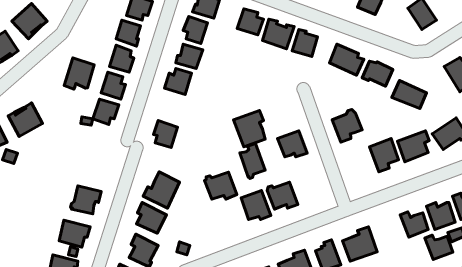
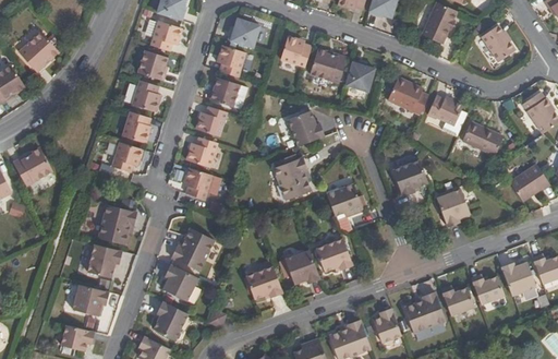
building: [64,58,94,89] -> none
building: none -> [284,111,324,146]
building: none -> [185,137,217,168]
building: [398,131,429,162] -> none
building: [240,143,265,178] -> none
building: none -> [94,204,132,243]
building: [204,172,237,199] -> [244,267,282,299]
building: [425,235,453,259] -> [440,287,473,315]

